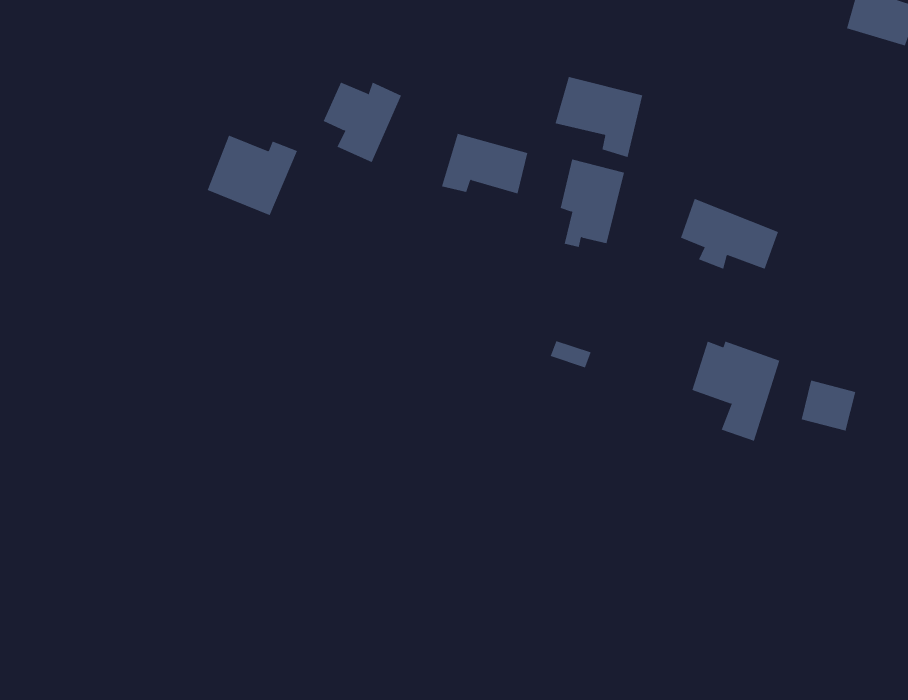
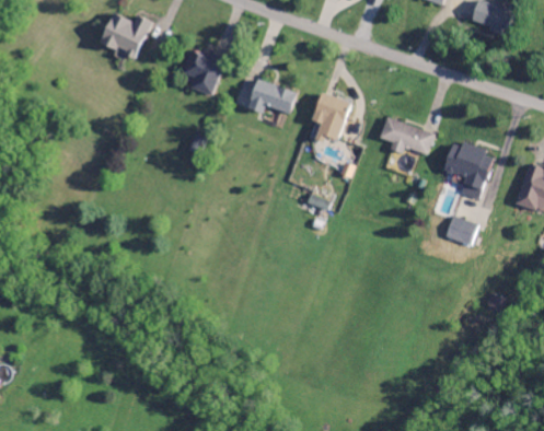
building: [555,76,643,158] -> none
building: [207,135,298,216] -> [101,12,151,57]
building: [691,341,780,442] -> [444,142,494,198]

